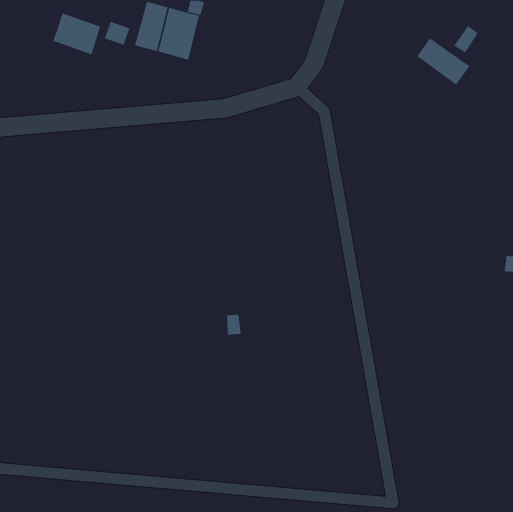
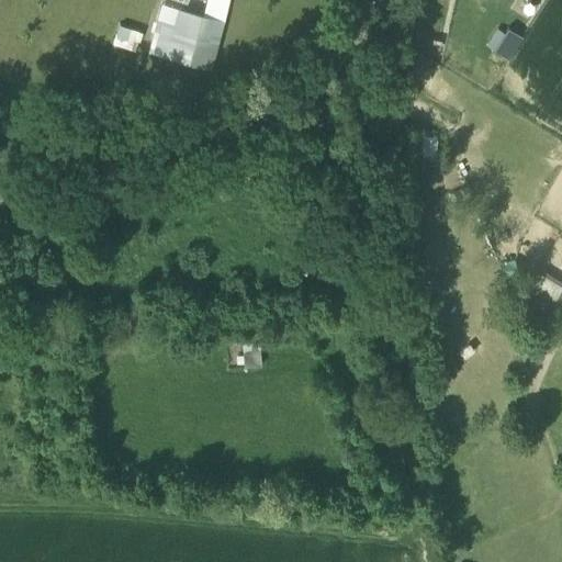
building: [52,13,101,55] -> none
building: [416,37,470,86] -> none

